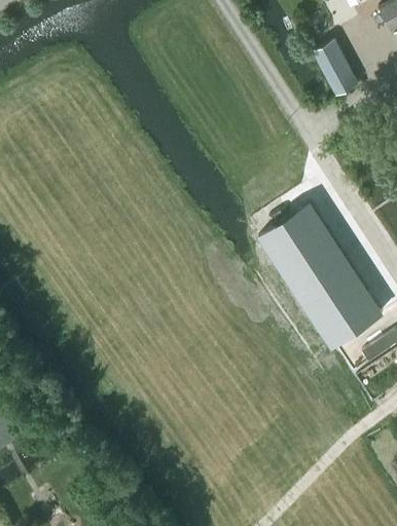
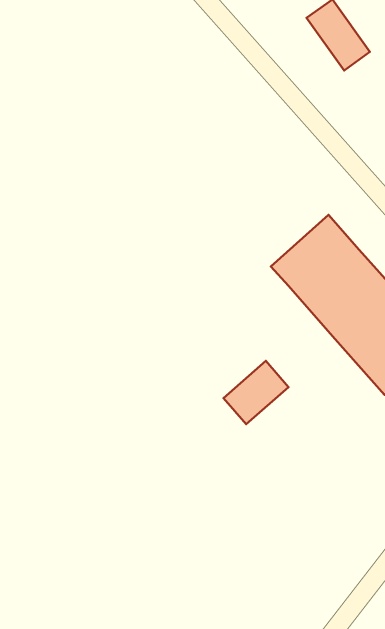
building: none -> [224,361,288,424]

